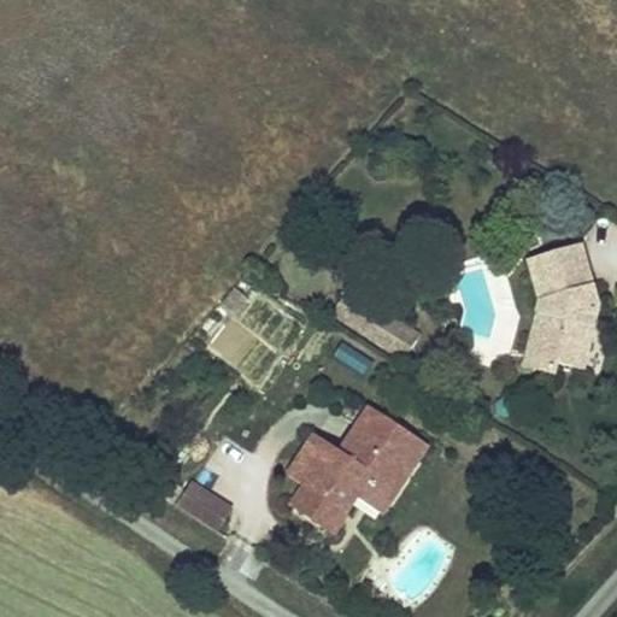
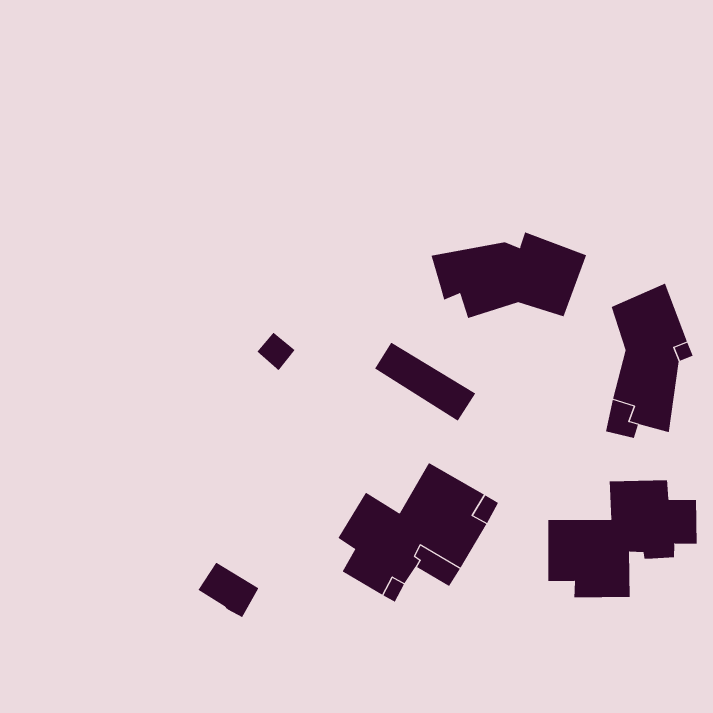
building: none -> [431,232,587,319]
building: none -> [548,480,697,598]

